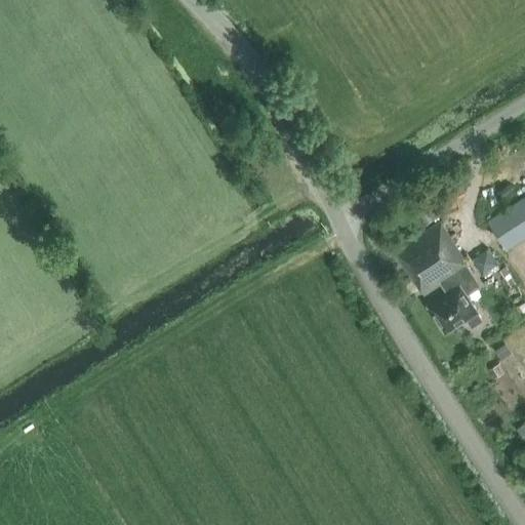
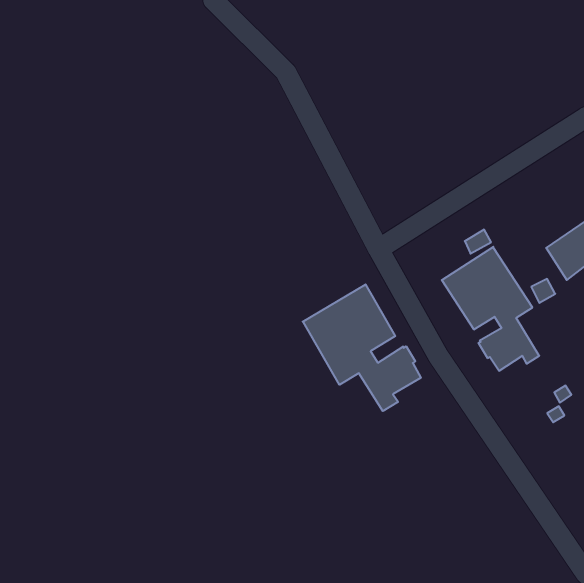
building: none -> [303,284,421,411]

